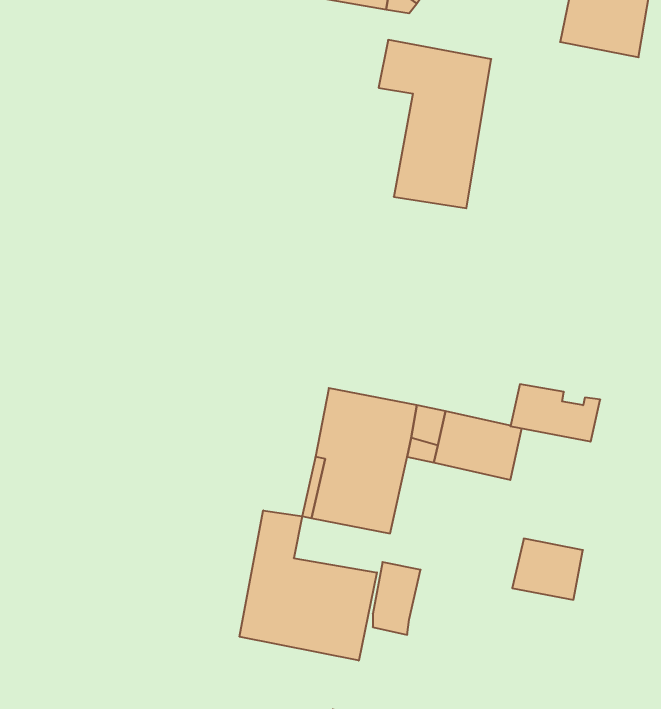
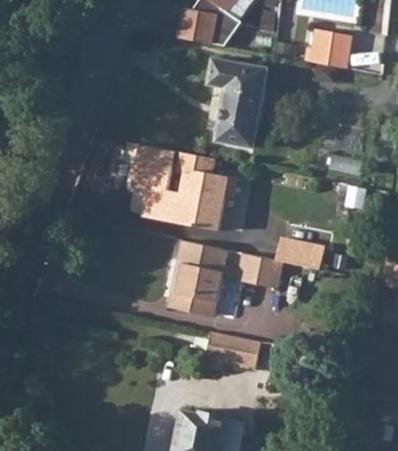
building: none -> [133,146,236,231]
building: [240,510,377,661] -> none
building: [512,539,583,600] -> [224,337,261,369]

